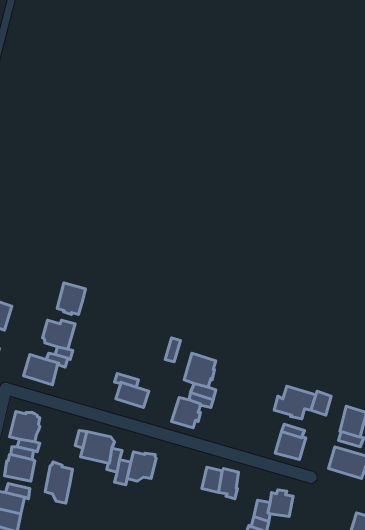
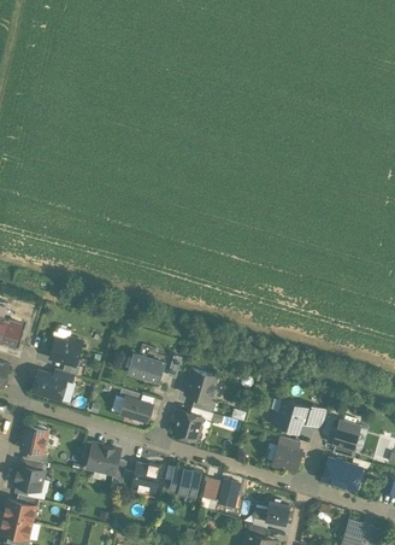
building: [57,283,85,315] -> none
building: none -> [128,356,164,383]
building: none -> [169,469,200,498]
building: [45,462,73,503] -> none

